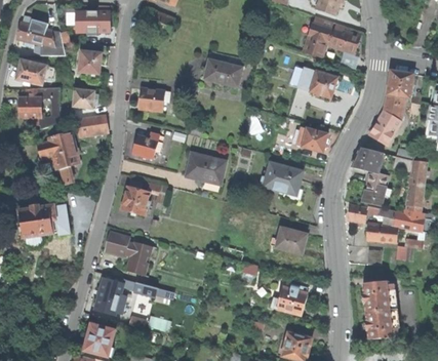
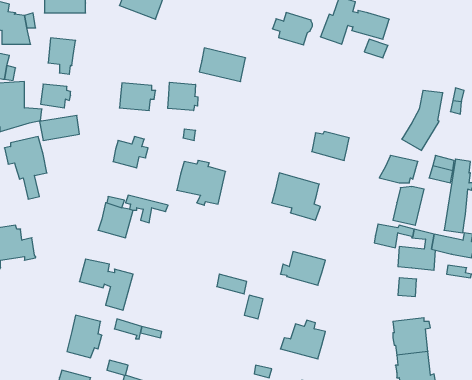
building: [386,69,412,96] -> none
building: [305,70,337,96] -> [272,13,312,45]
building: none -> [168,82,198,111]

